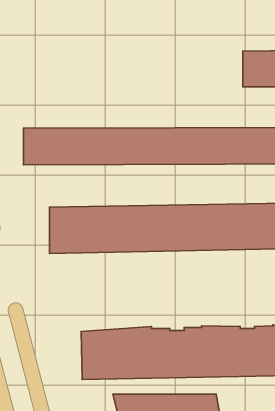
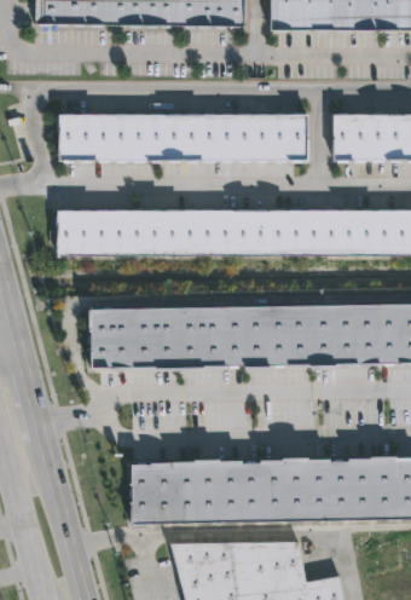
building: none -> [56,112,307,160]

